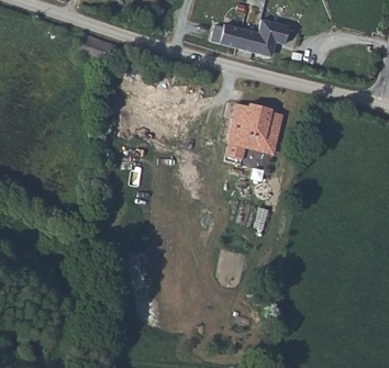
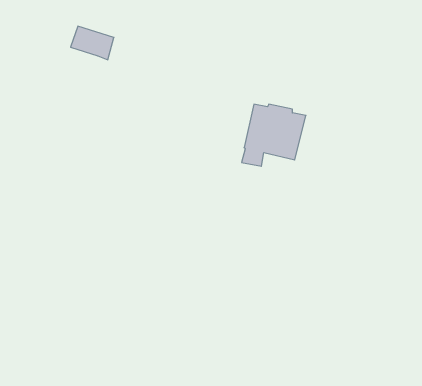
building: [212,22,280,55] -> none

